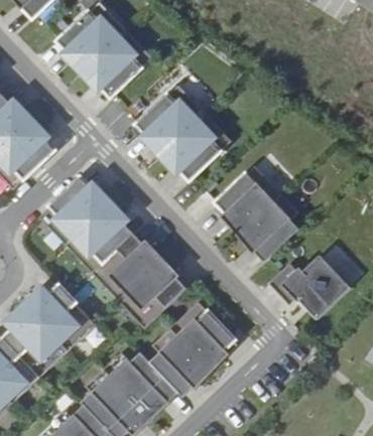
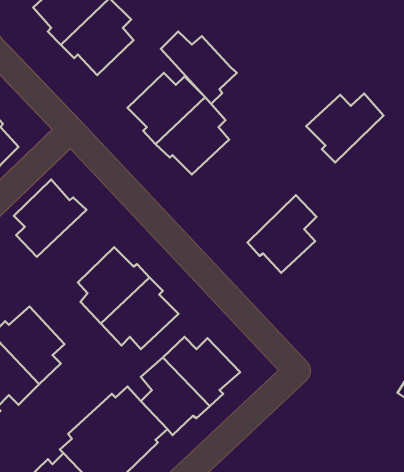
building: none -> [161,31,237,104]
building: [218,173,282,231] -> [306,94,384,163]
building: [67,203,131,264] -> none
building: [269,253,353,318] -> none

